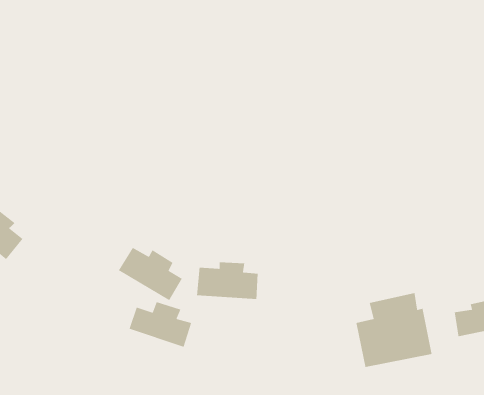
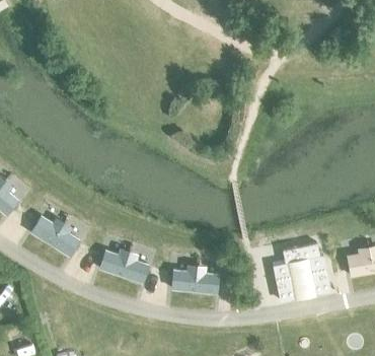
building: [118,247,183,301] -> [30,215,80,257]
building: [196,261,259,300] -> [170,266,218,295]

